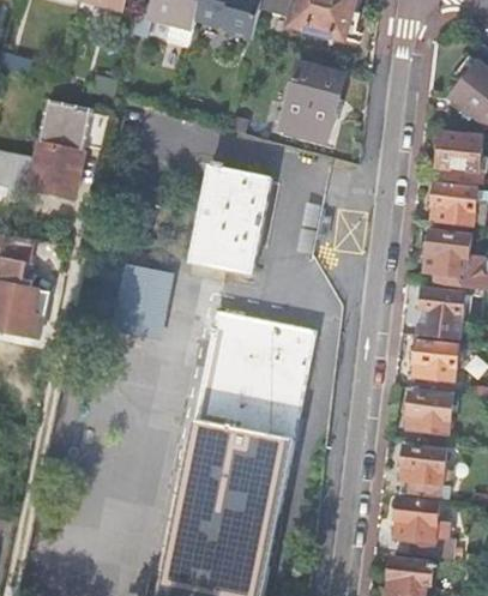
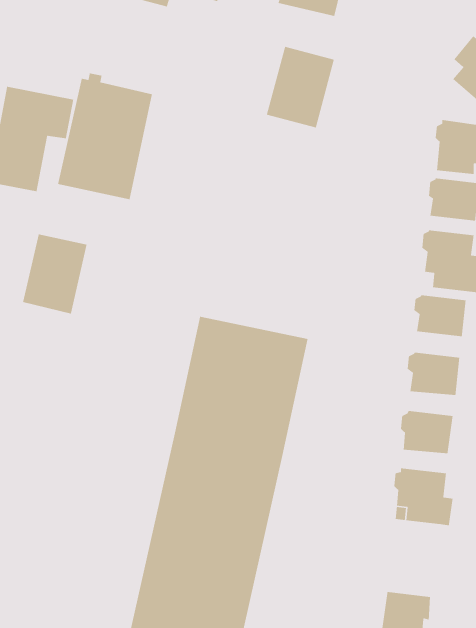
building: [189,157,276,272] -> [57,73,153,200]
building: [119,261,177,335] -> [22,233,87,315]
building: [391,499,453,558] -> none

